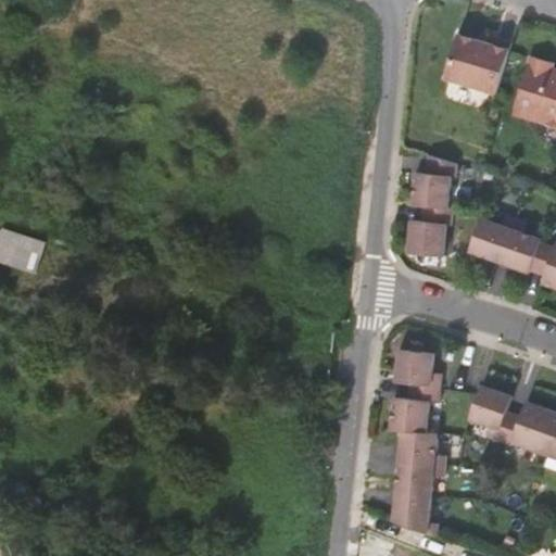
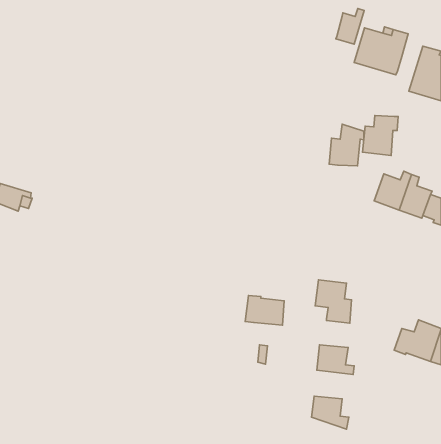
building: none -> [336,9,364,44]
building: [407,206,452,256] -> [363,116,398,156]
building: [466,383,509,438] -> none
building: [389,397,438,434] -> [245,295,284,325]
building: [393,463,442,498] -> none

